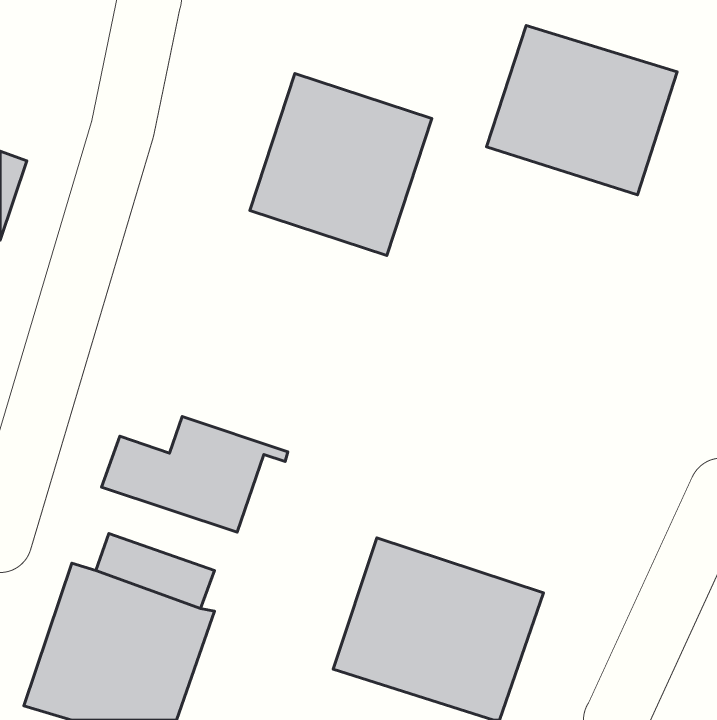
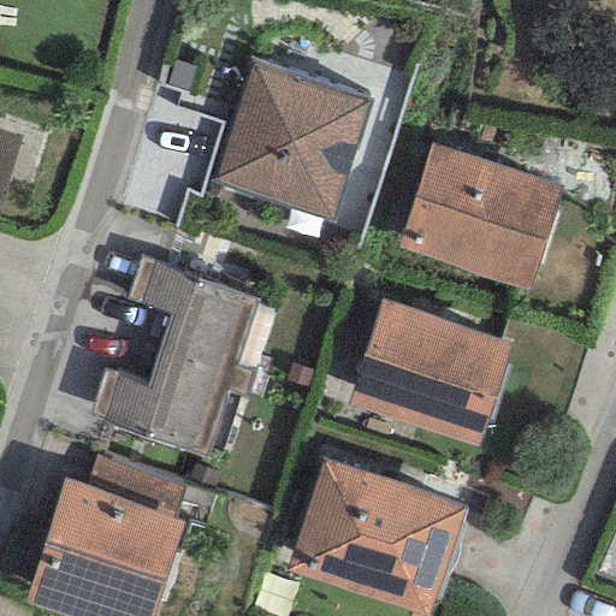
building: [487,25,677,195] -> [399,143,562,288]
building: none -> [128,257,259,385]
building: none -> [350,300,515,446]

